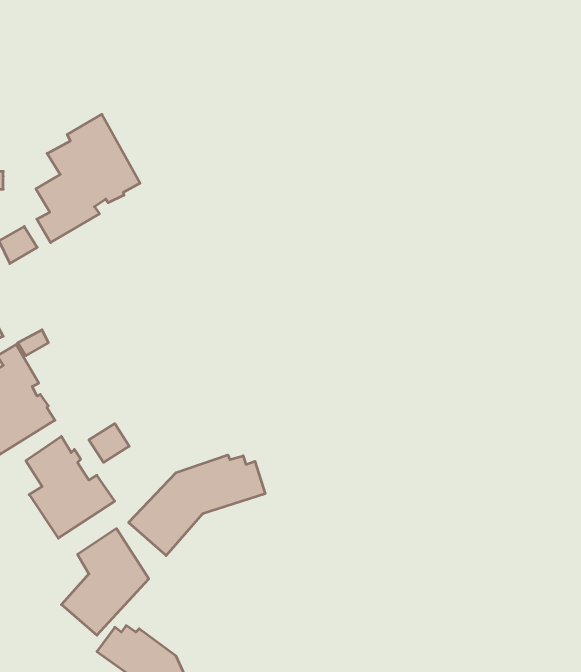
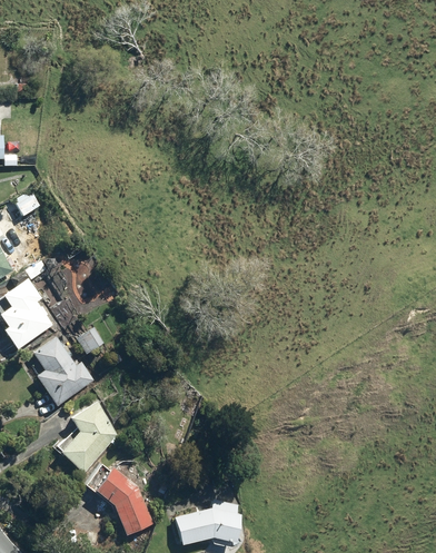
building: [36,114,140,243] -> none
building: [129,455,265,556] -> none

